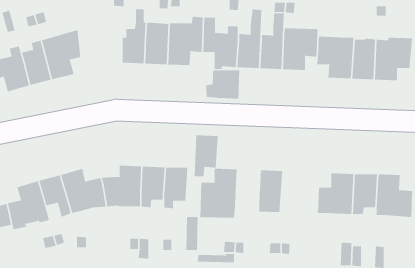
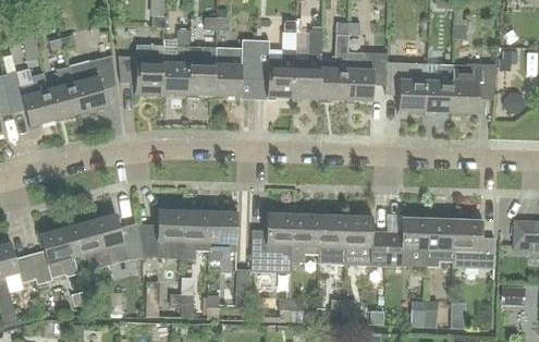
building: none -> [117,45,166,93]
building: [206,69,240,99] -> none
building: [194,135,218,177] -> [292,215,320,262]
building: none -> [343,217,387,266]

